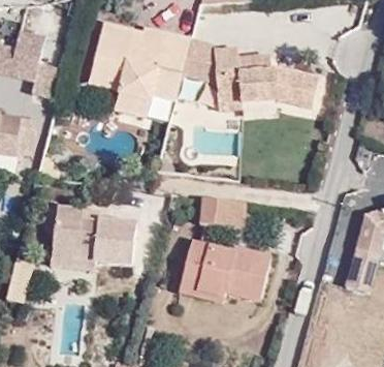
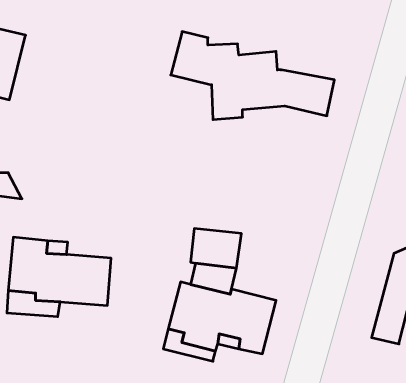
building: [87,21,191,117] -> none

